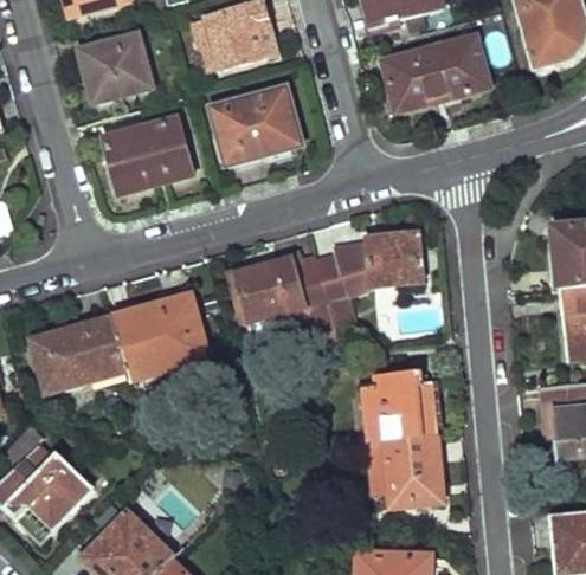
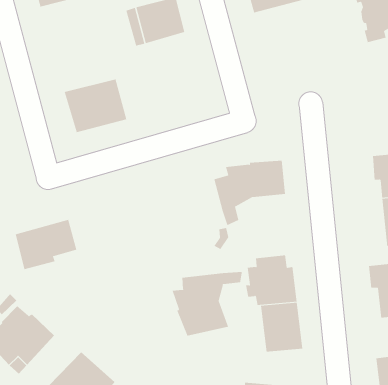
building: [384,34,488,110] -> none
building: [81,35,150,102] -> none
building: [213,88,301,167] -> none
building: [231,258,329,323] -> none
building: [111,296,207,379] -> none
building: none -> [172,271,242,336]

